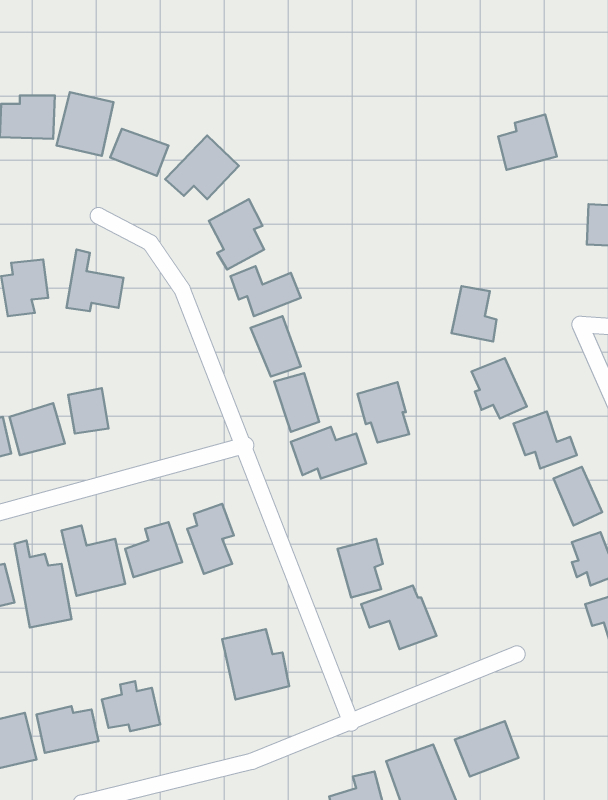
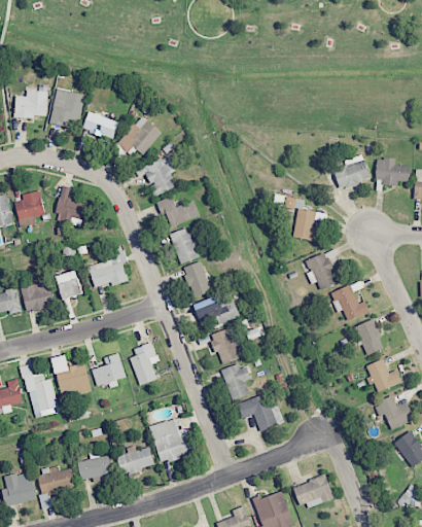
building: [498,115,557,170] -> [333,154,370,188]
building: none -> [89,249,129,287]
building: [357,382,409,442] -> [210,326,242,363]
building: none -> [117,447,154,473]

